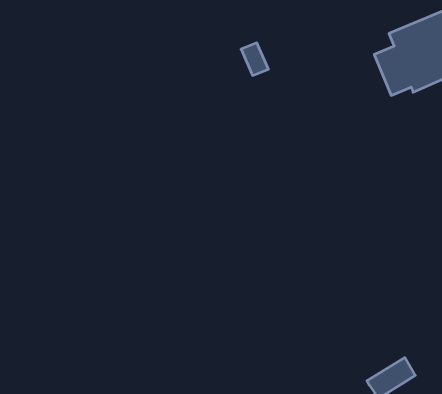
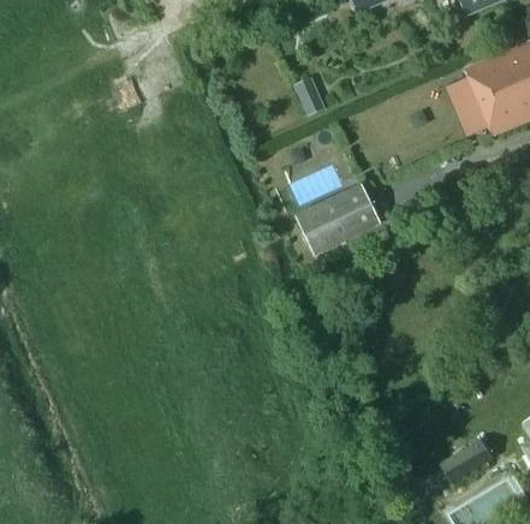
building: none -> [296,184,382,257]

